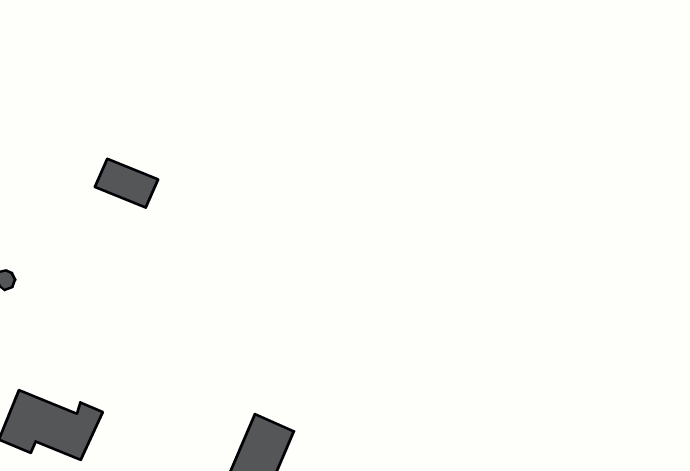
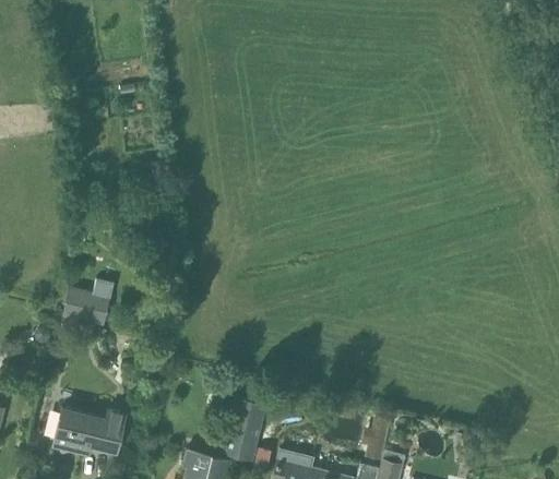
building: [95,159,158,208] -> [62,291,107,322]

